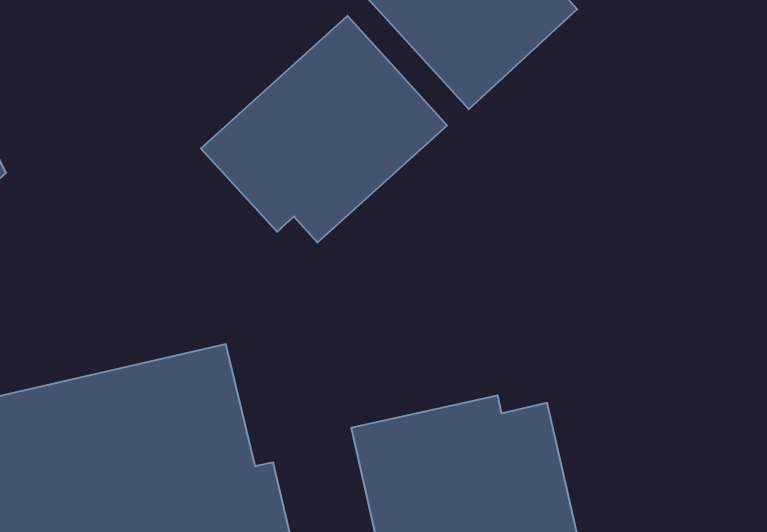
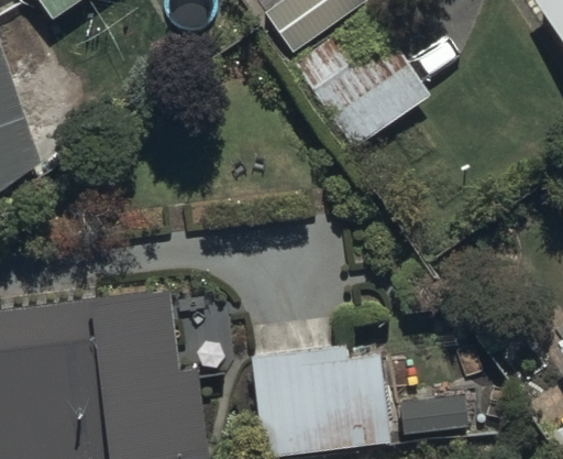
building: [201,16,447,243] -> none

